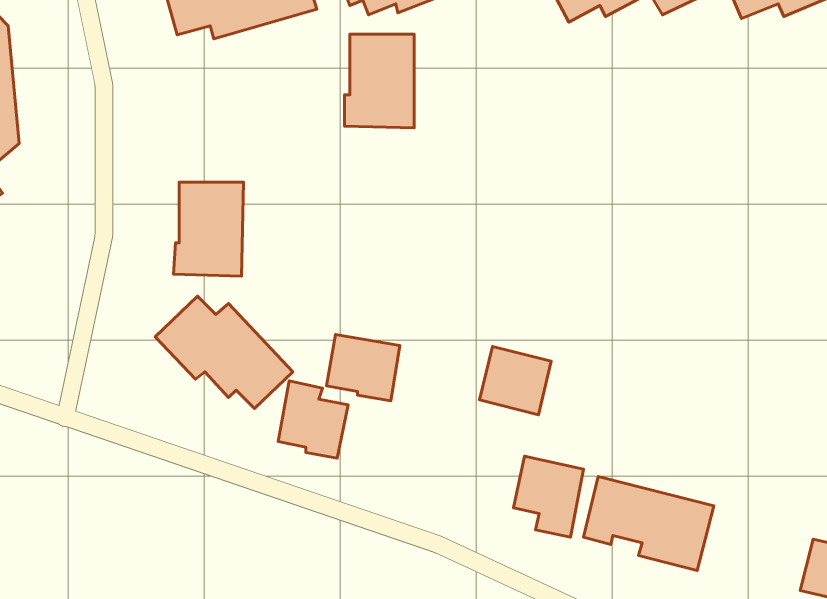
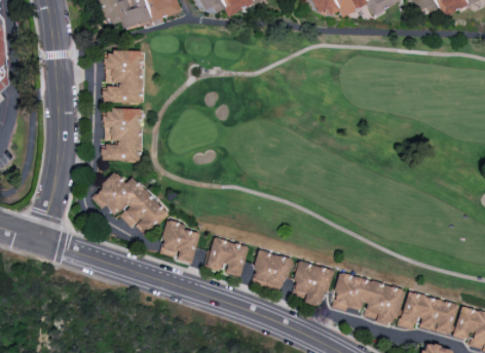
building: [344,34,414,128] -> [103,51,142,104]
building: [326,334,400,401] -> [207,239,248,276]
building: [480,347,551,415] -> [252,250,292,288]
building: none -> [399,292,457,335]

